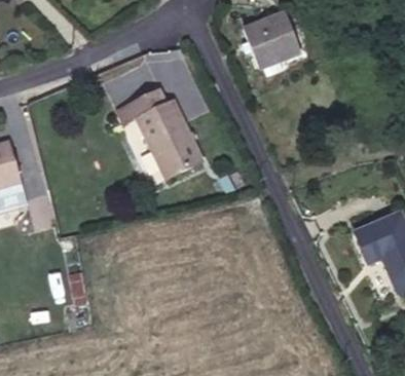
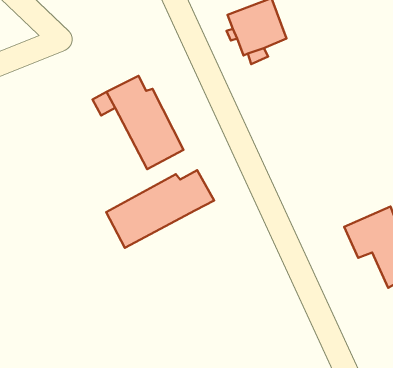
building: none -> [106,170,214,248]

